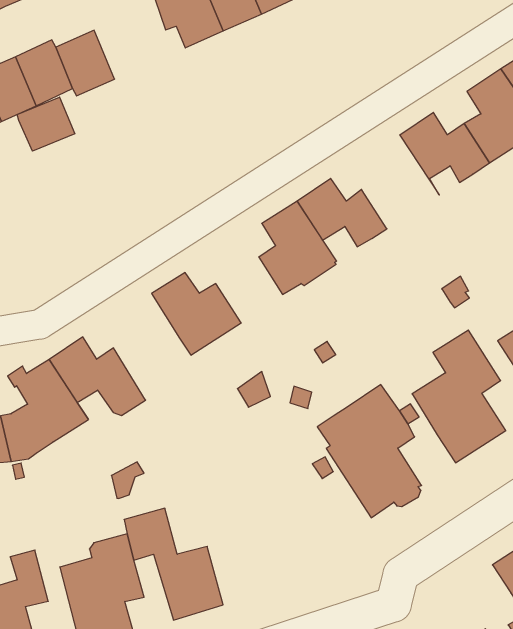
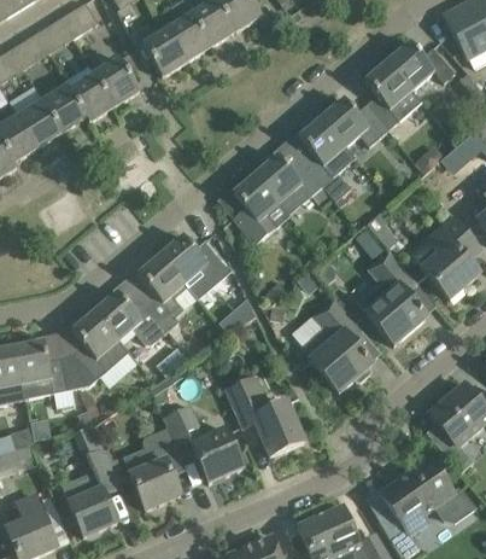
building: none -> [95,58,140,105]
building: [17,97,75,151] -> none
building: none -> [299,117,356,199]
building: none -> [137,254,186,330]
building: none -> [226,377,304,456]

